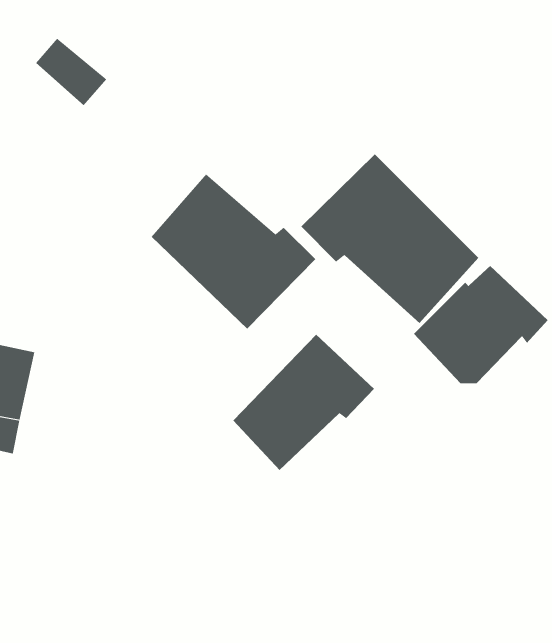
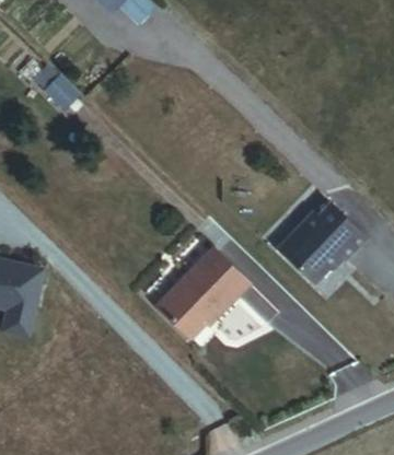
building: [301,154,479,324] -> none
building: [151,174,316,330] -> none

